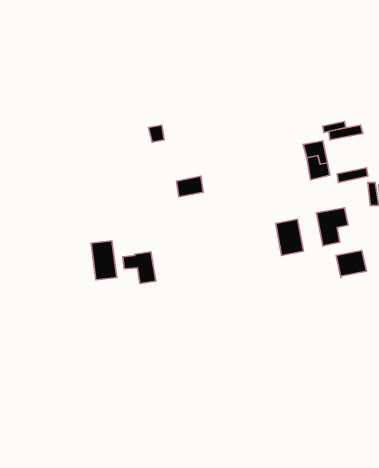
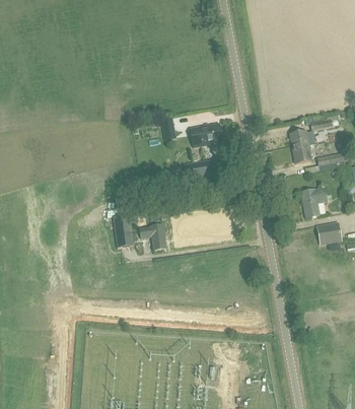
building: none -> [190,122,222,146]
building: [276,219,303,255] -> none

